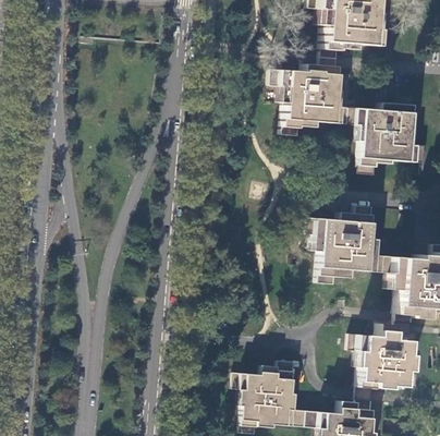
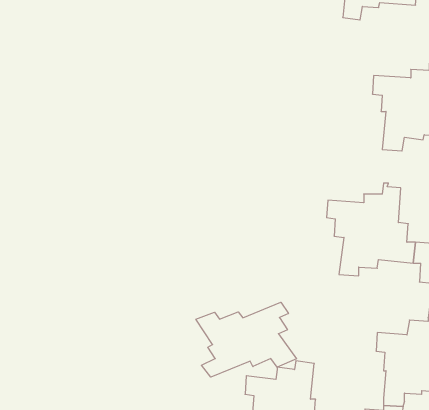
building: [267,57,347,135] -> none
building: none -> [196,302,297,377]

